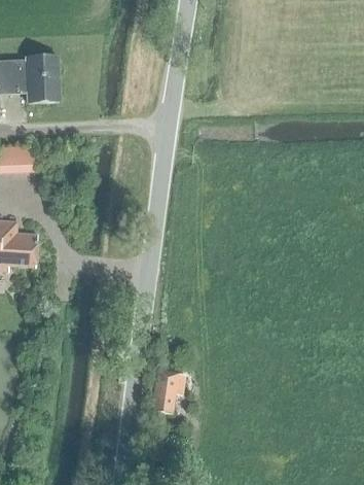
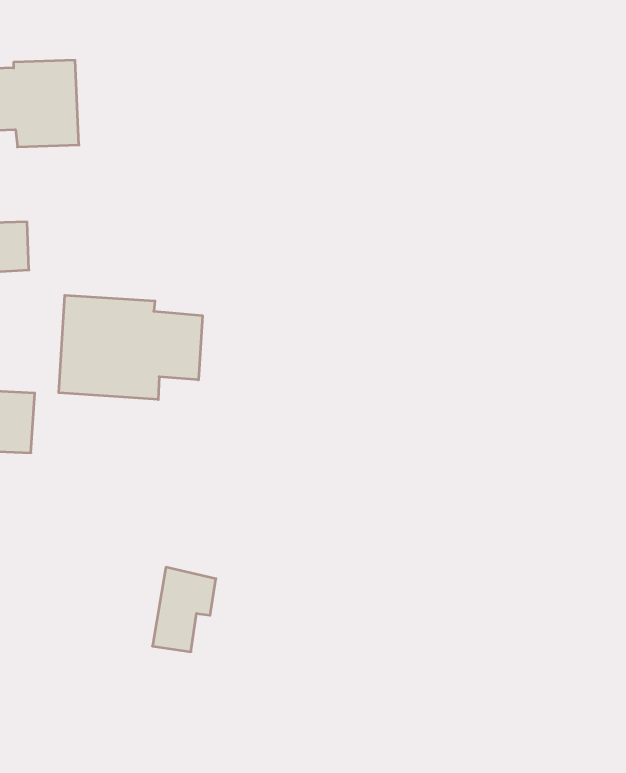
building: none -> [59,295,202,400]
building: [150,369,184,414] -> [152,567,216,652]

